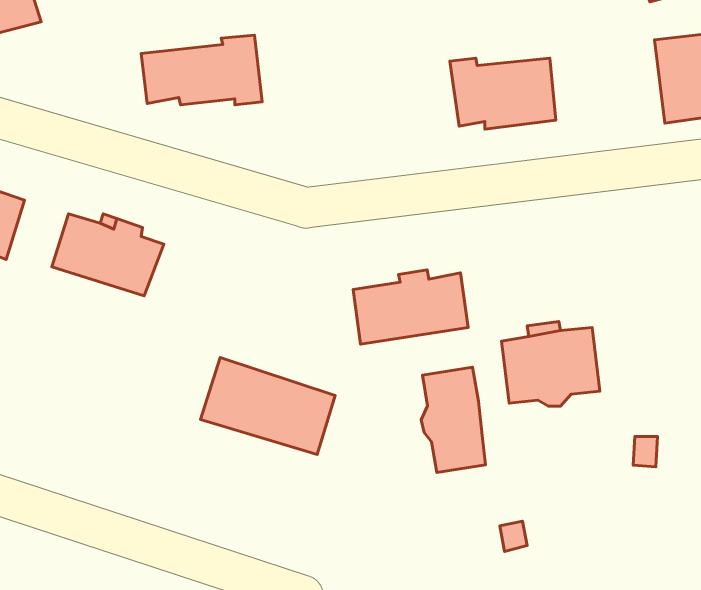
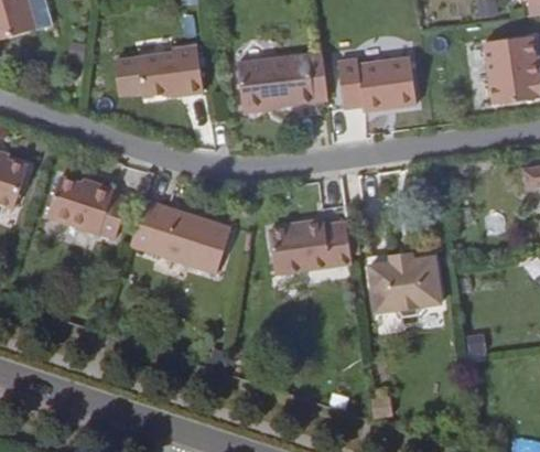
building: none -> [233,53,325,109]
building: [200,358,335,454] -> [130,196,228,267]
building: [421,367,486,473] -> none

